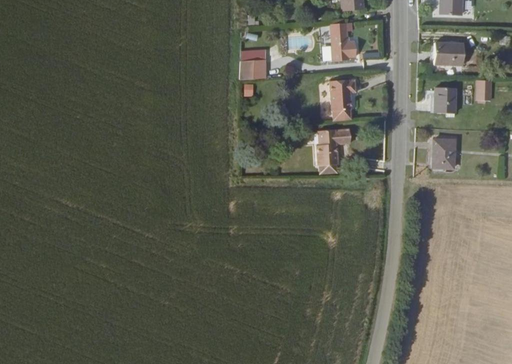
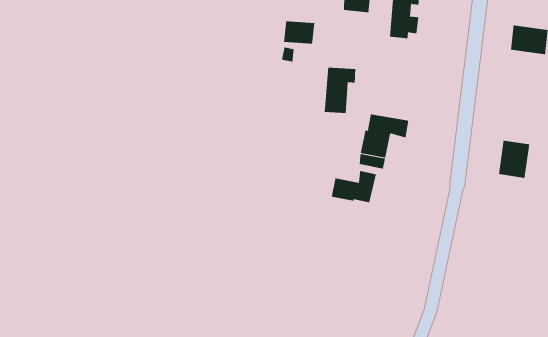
building: [329,81,354,120] -> [324,67,356,113]
building: [436,87,456,111] -> none
building: none -> [331,170,376,203]

